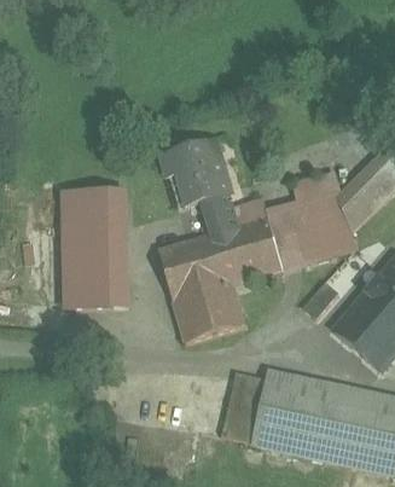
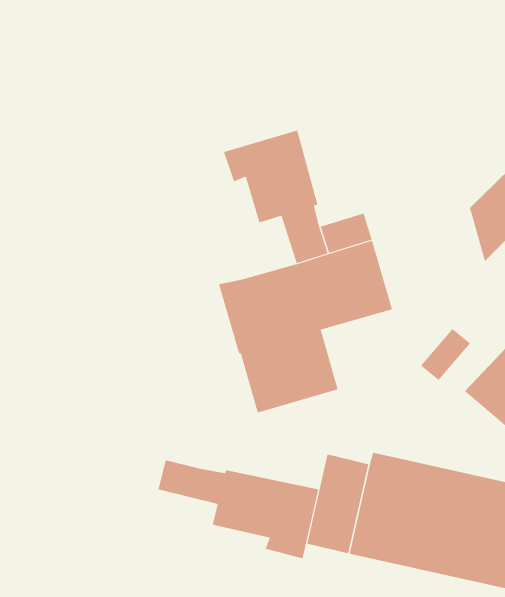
building: [268,172,353,267] -> none
building: [64,190,112,306] -> none
building: none -> [158,460,319,559]

